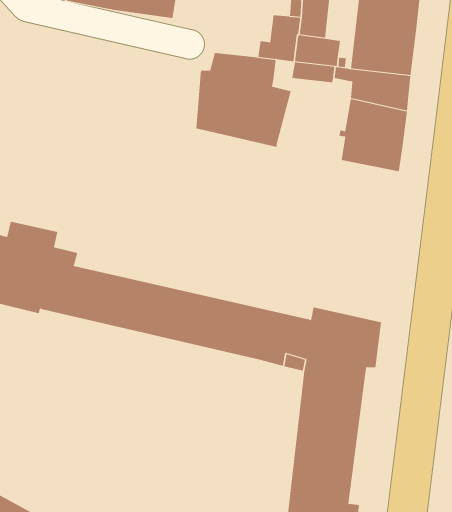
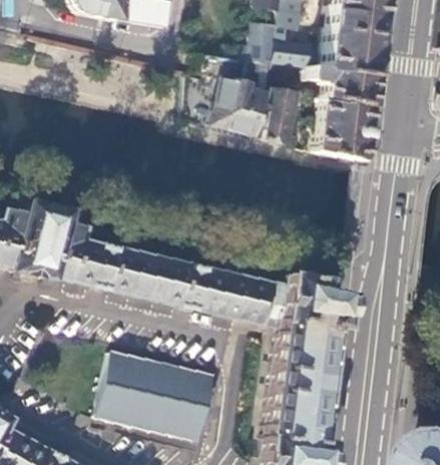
building: none -> [256,82,299,142]
building: none -> [95,351,214,439]

